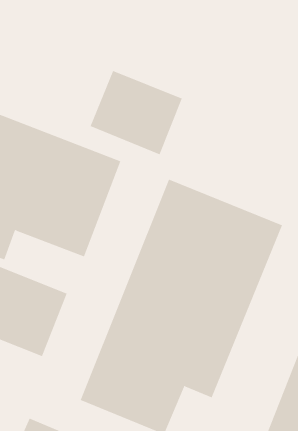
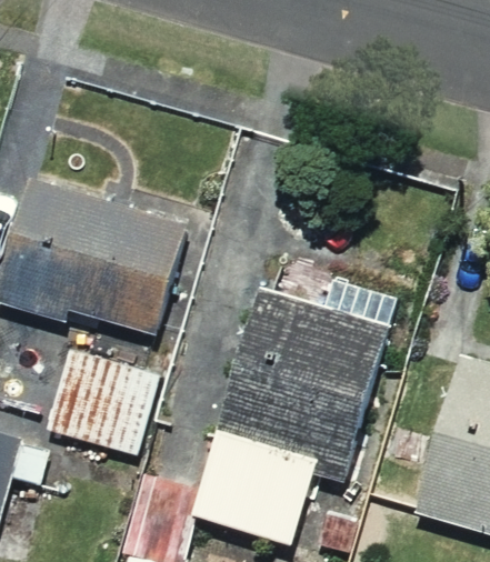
building: [90,70,182,155] -> none

